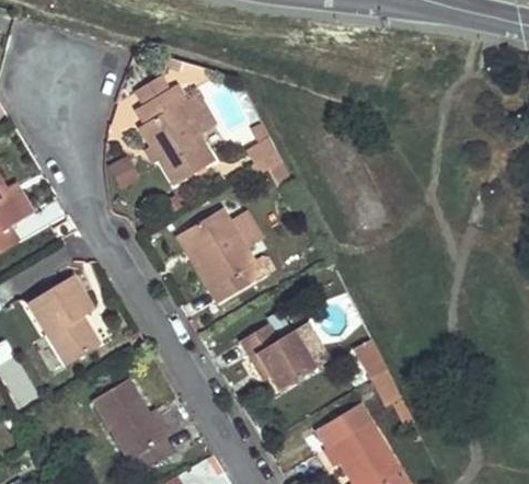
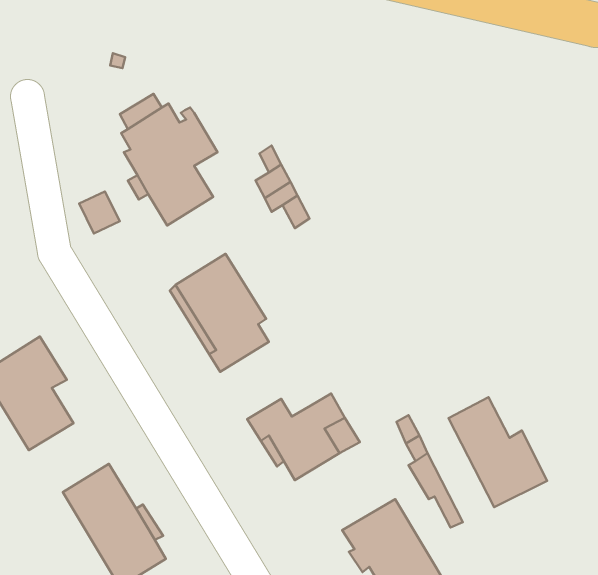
building: none -> [449,397,547,507]

